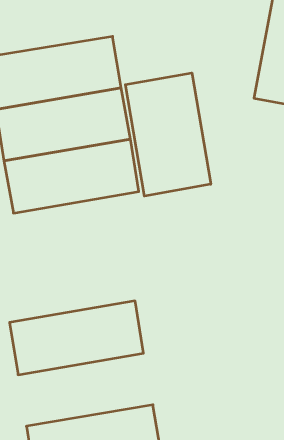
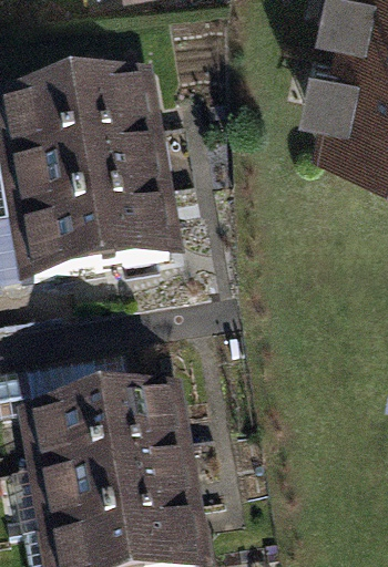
building: [125,73,211,196] -> none
building: none -> [33,442,193,528]

